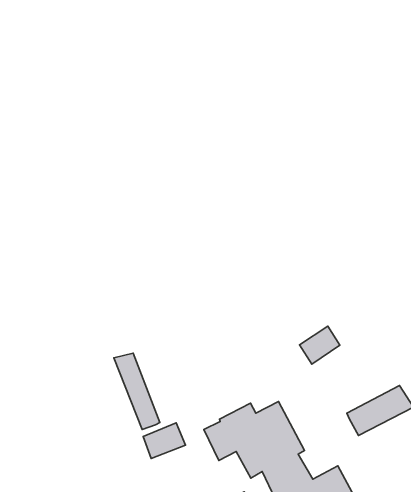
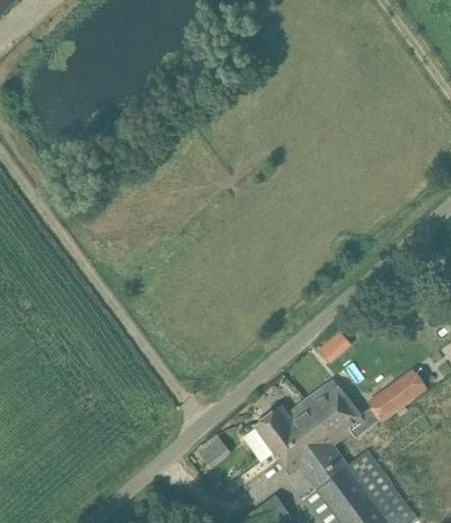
building: [114,353,160,430] -> none
building: none -> [306,381,382,441]

